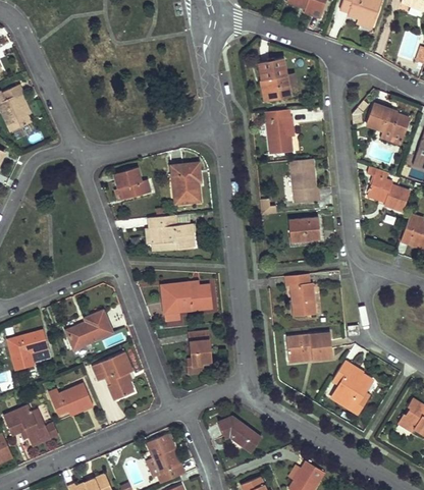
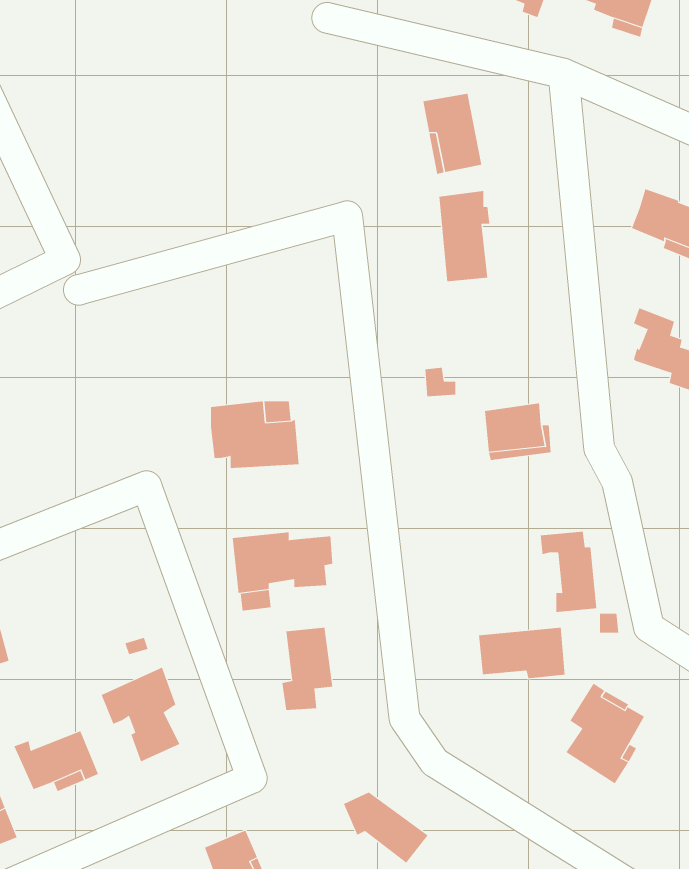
building: [292,157,317,200] -> none
building: [172,163,203,203] -> none
building: [115,168,153,200] -> none
building: [285,273,315,315] -> [540,531,597,612]
building: [65,311,113,349] -> none

